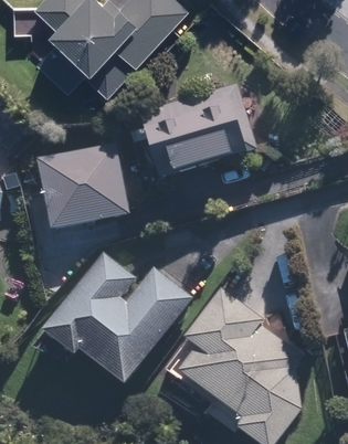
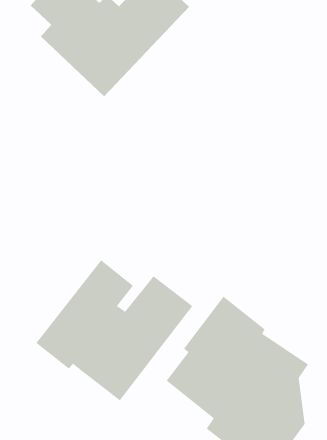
building: [141,84,260,181] -> none
building: [34,137,139,230] -> none

